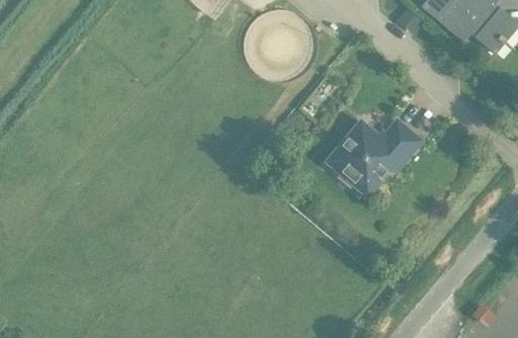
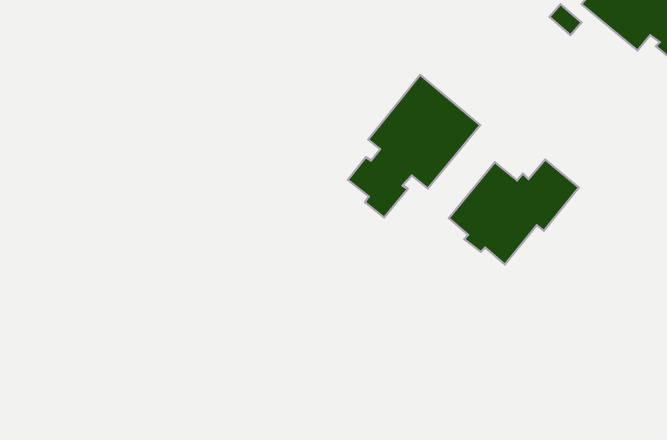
building: none -> [348,75,480,218]

